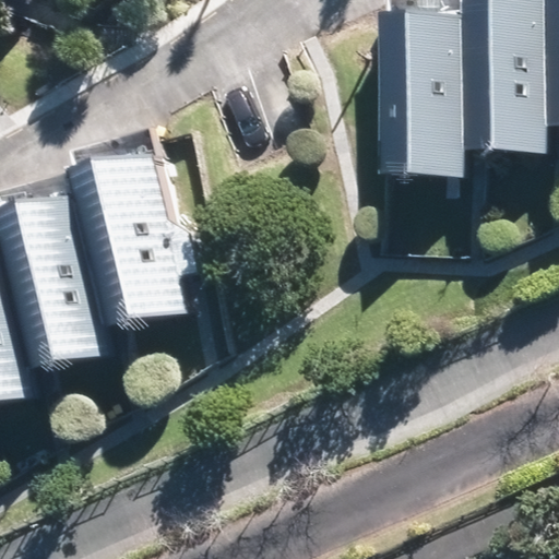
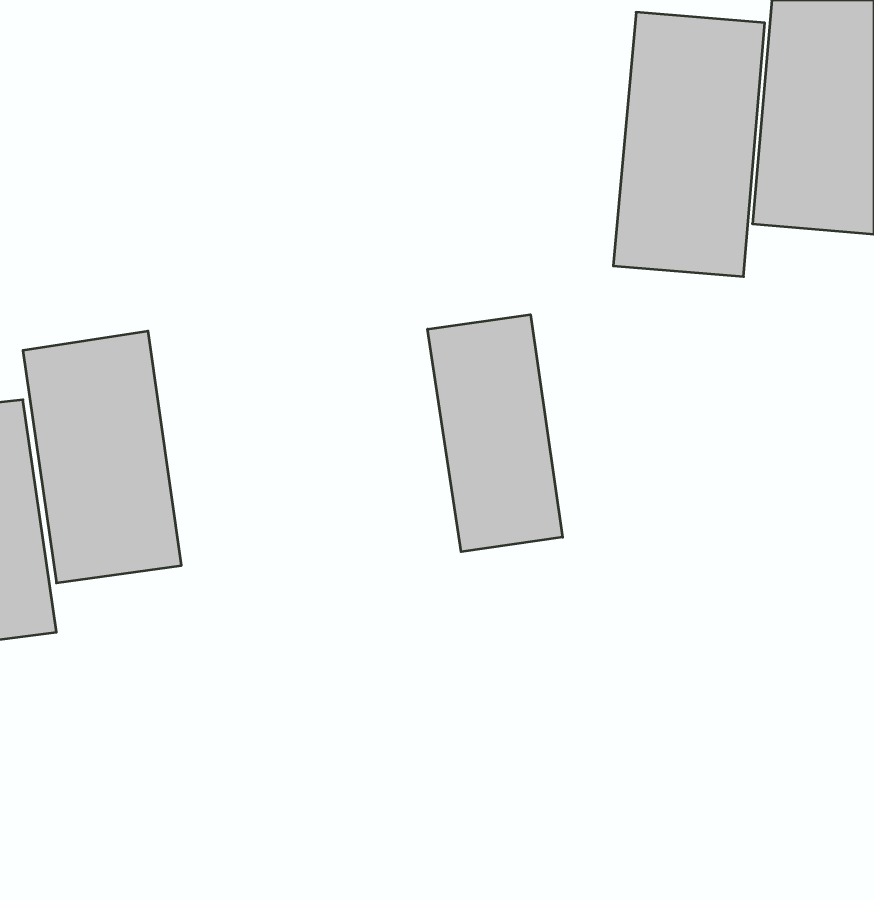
building: [92,167,189,322] -> none
building: none -> [428,315,563,552]

